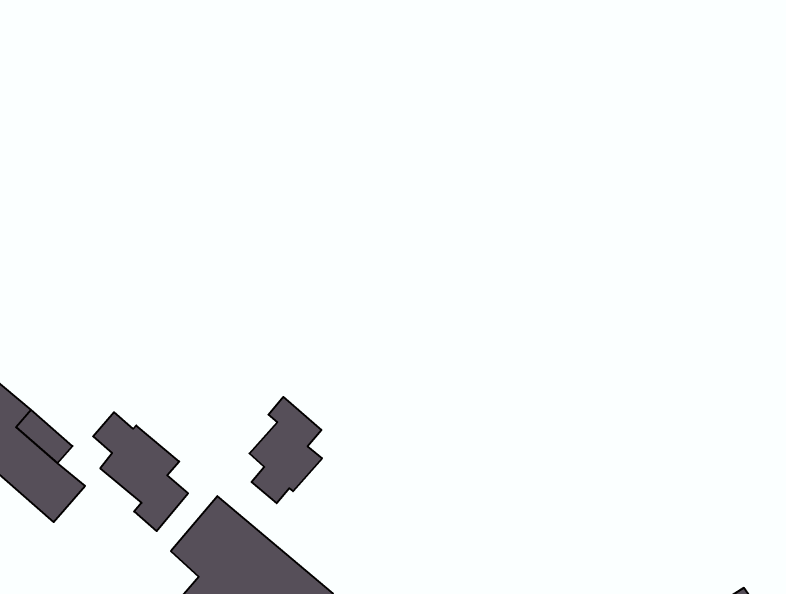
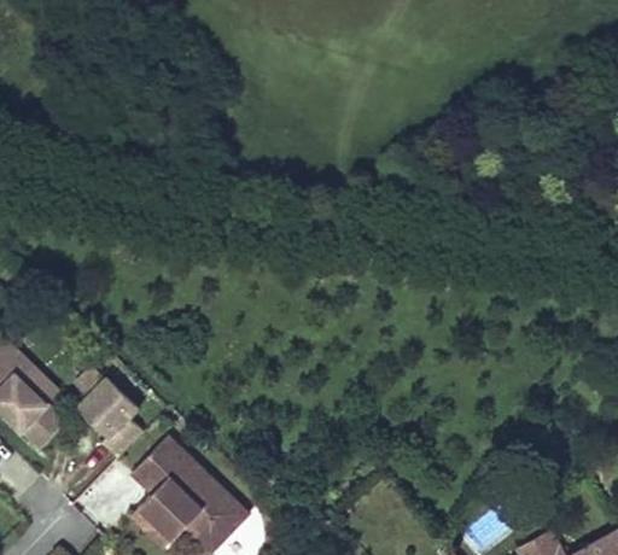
building: [249,397,322,503] -> none

